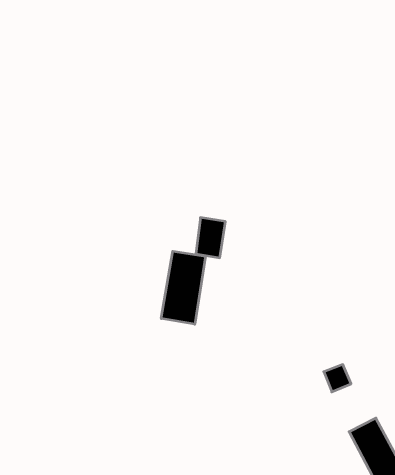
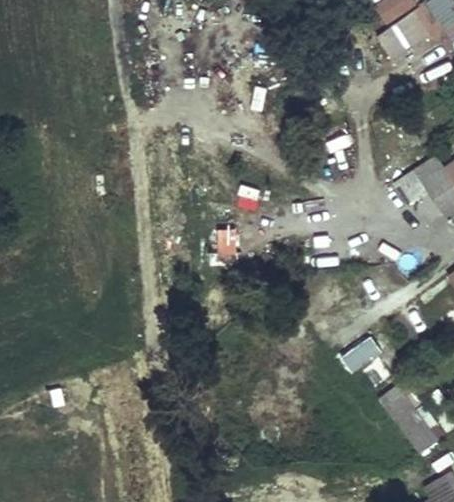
building: [161,251,206,324] -> none

